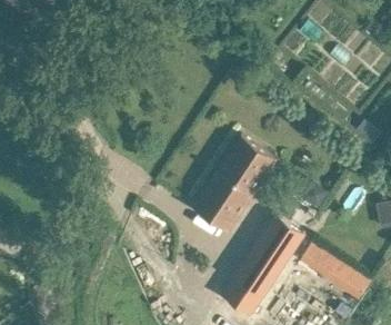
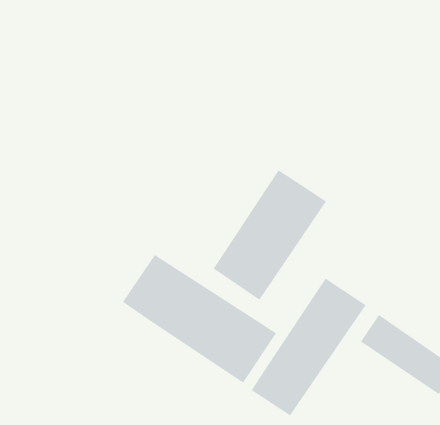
building: none -> [122,254,277,384]

